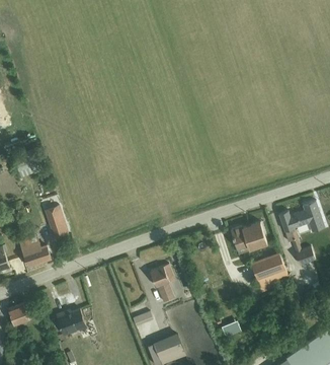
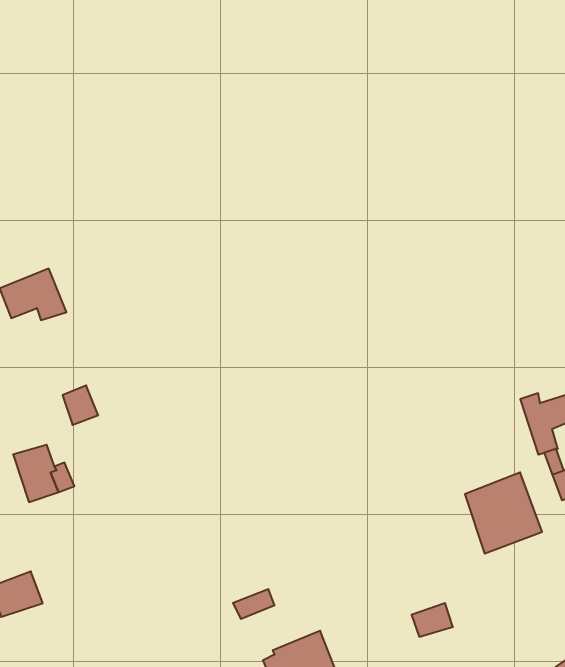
building: [230,222,266,253] -> none
building: [150,265,174,303] -> none
building: [56,309,86,336] -> none

